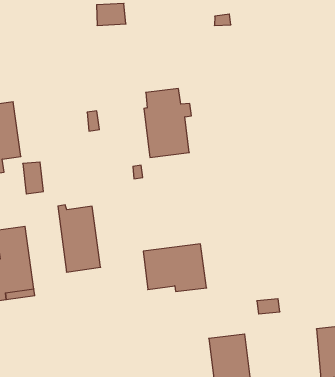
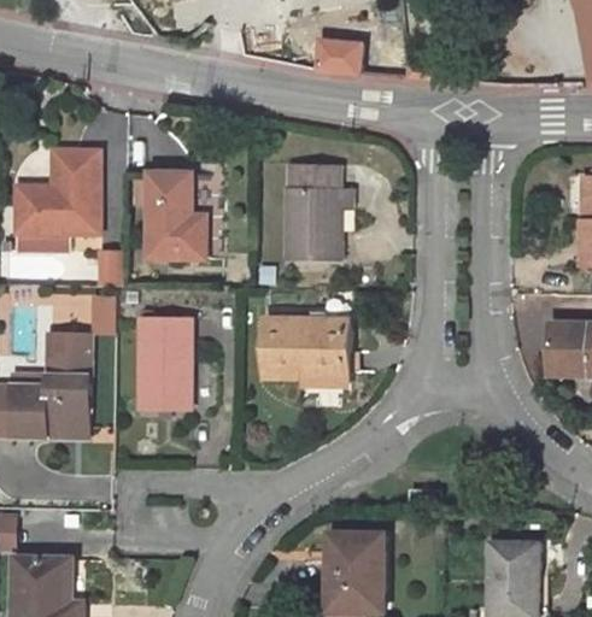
building: [97,3,126,25] -> [316,43,359,77]
building: none -> [147,171,205,259]
building: [143,244,207,291] -> [264,319,350,386]

